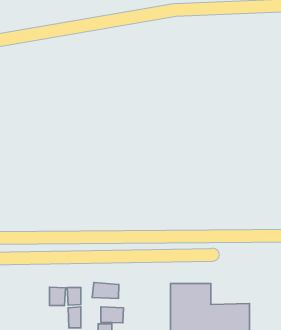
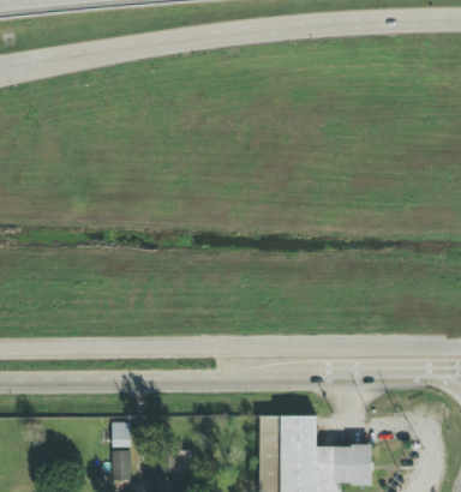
building: [92,282,119,298] -> none
building: [50,287,65,305] -> none

